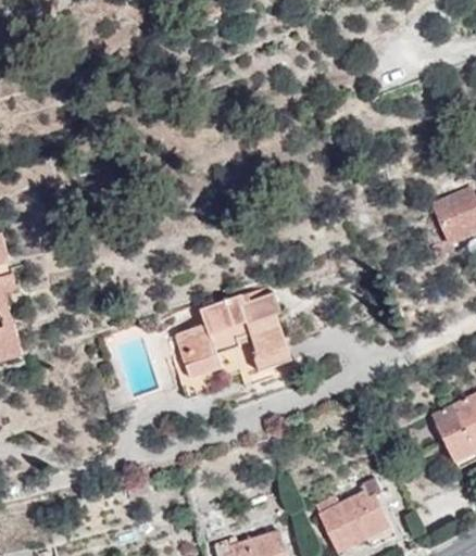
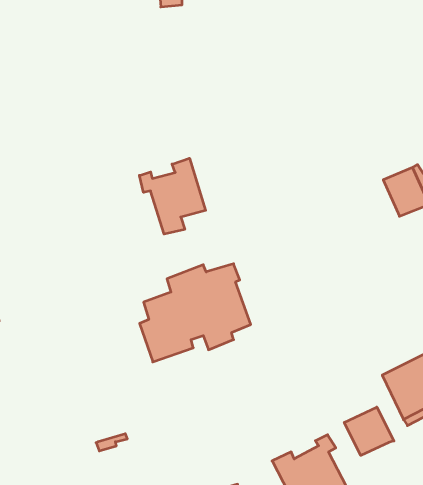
building: none -> [139,158,206,234]
building: none -> [344,407,394,455]

